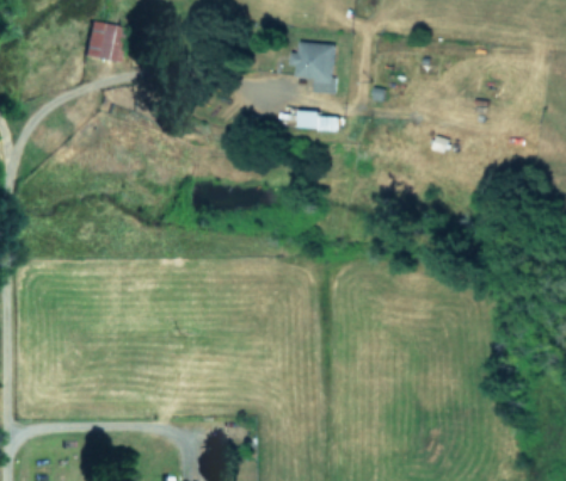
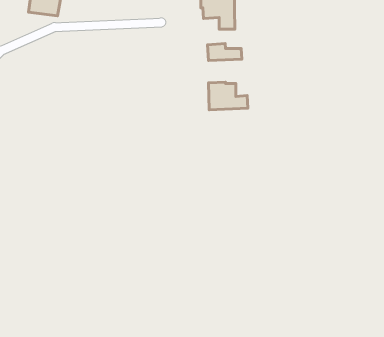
building: none -> [209,82,248,110]

